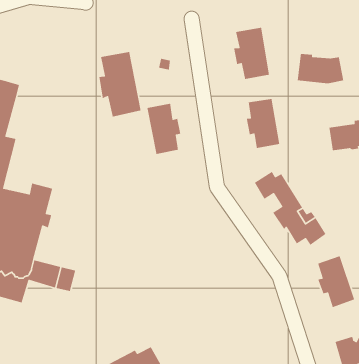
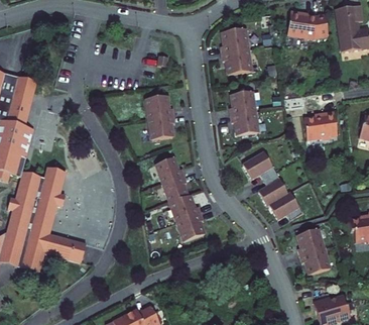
building: [98,51,141,118] -> none
building: [297,53,344,84] -> [284,13,326,40]
building: none -> [153,156,204,239]

